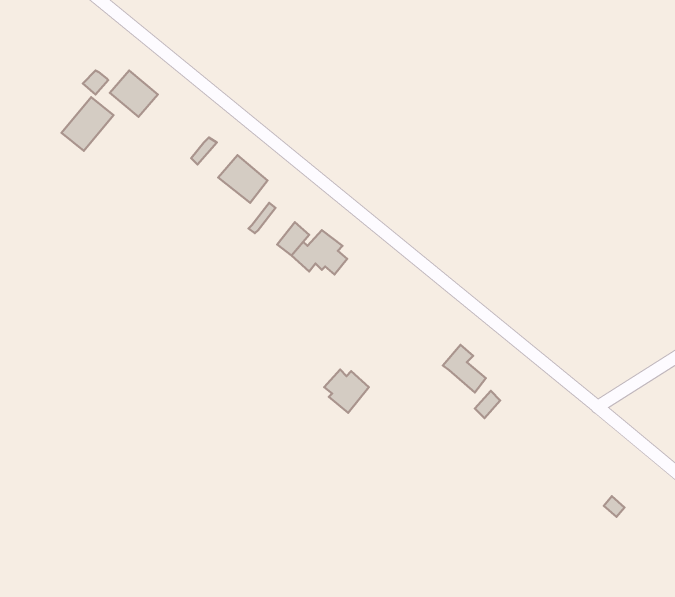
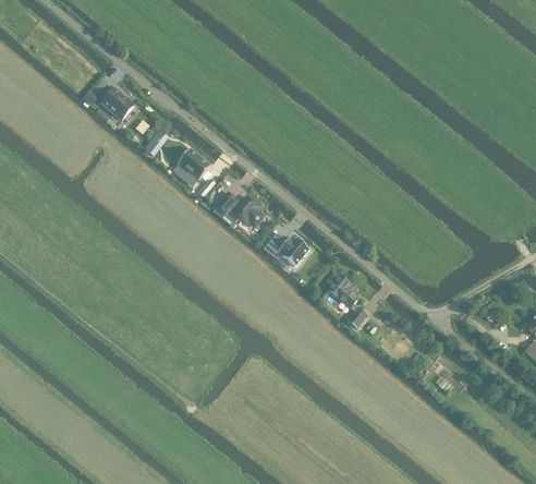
building: [61,97,114,151] -> none
building: [324,370,369,413] -> [279,238,309,267]

